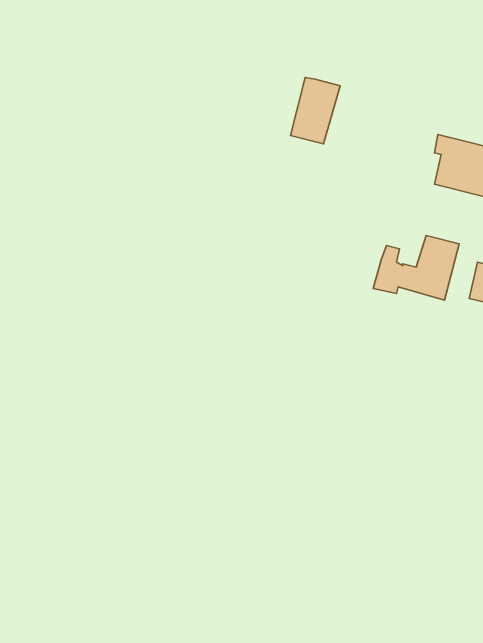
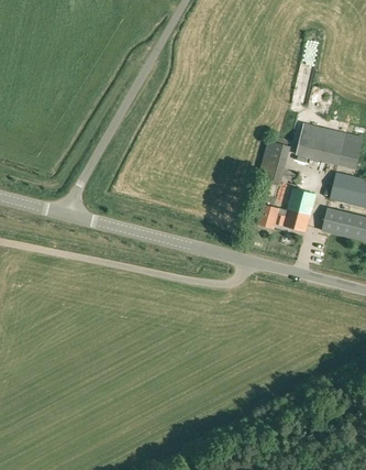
building: [290,78,340,144] -> [257,140,290,184]

